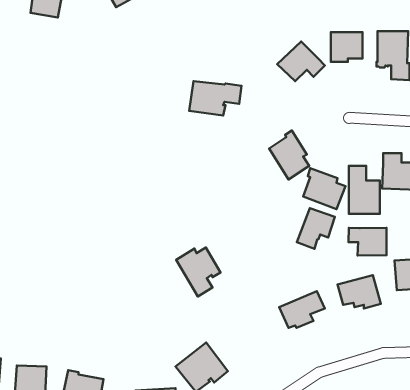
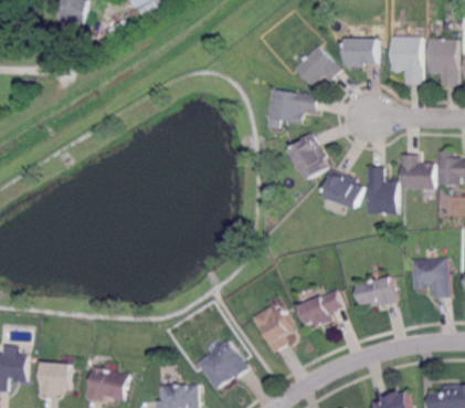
building: [189,81,242,115] -> [267,91,318,124]
building: [297,208,335,249] -> none
building: [348,228,387,255] -> none
building: [176,247,221,296] -> [251,306,294,354]

